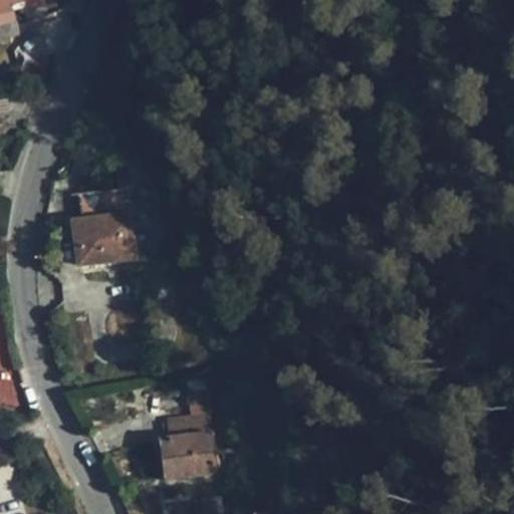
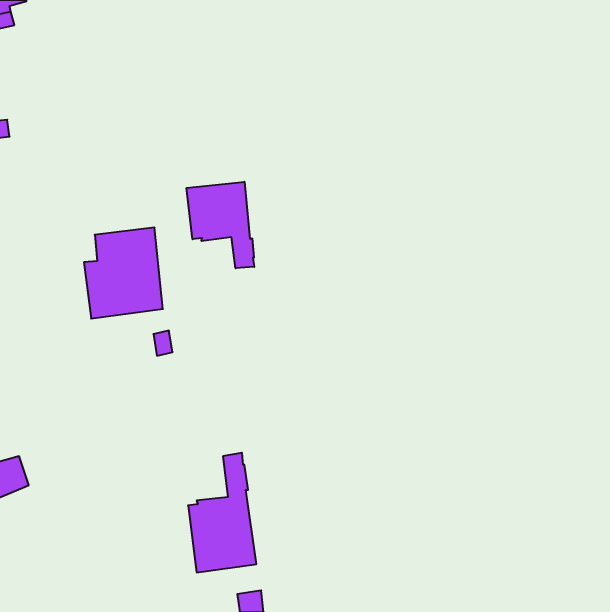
building: none -> [187,182,254,268]

